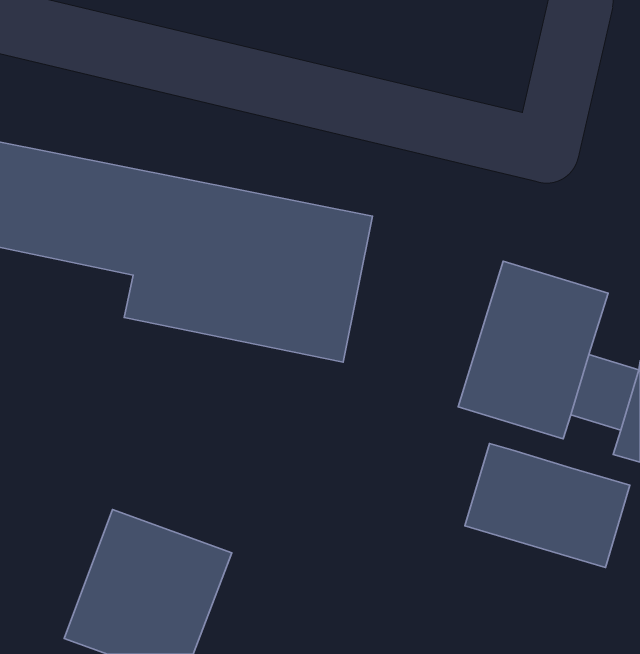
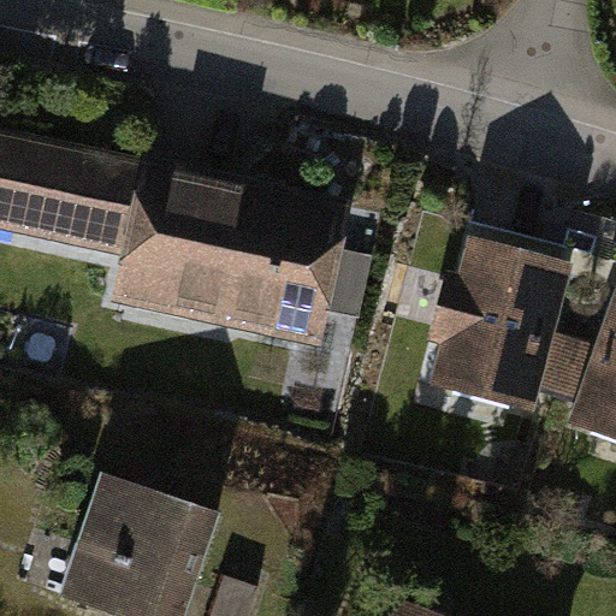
building: [465,443,630,568] -> none

